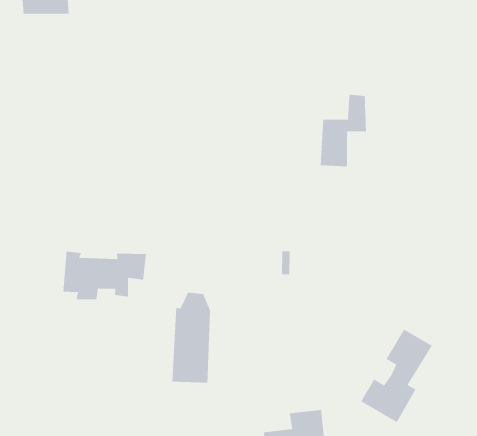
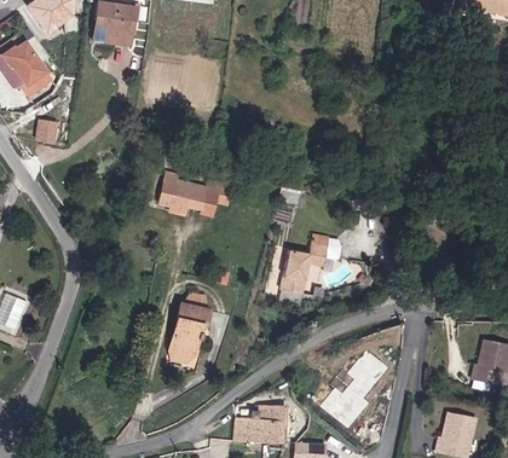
building: [320,94,367,167] -> [281,233,328,294]
building: [62,251,147,300] -> [158,170,233,218]

